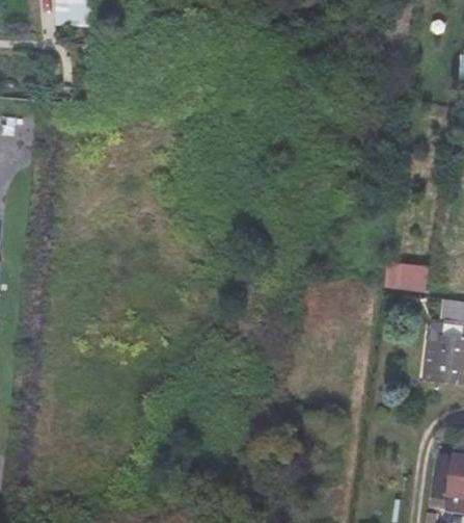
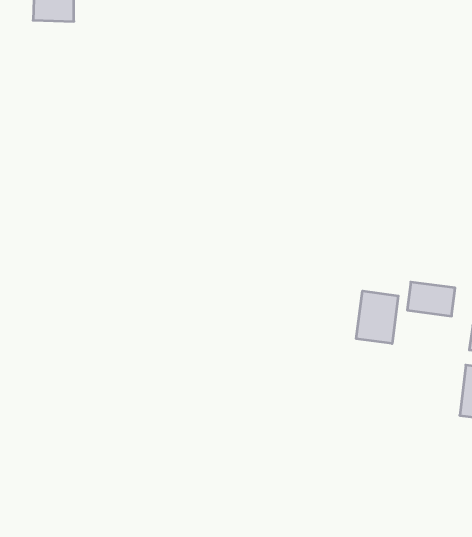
building: none -> [356,291,398,344]

